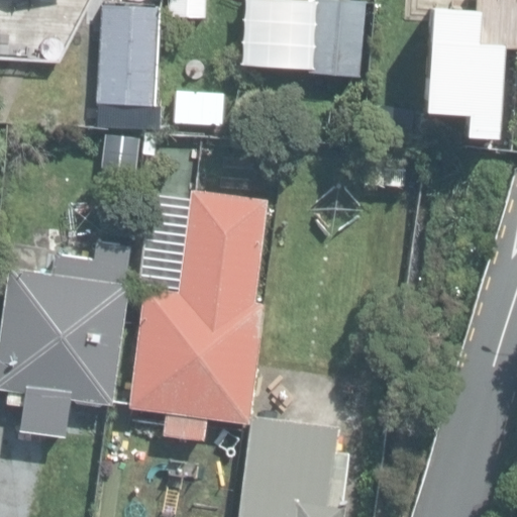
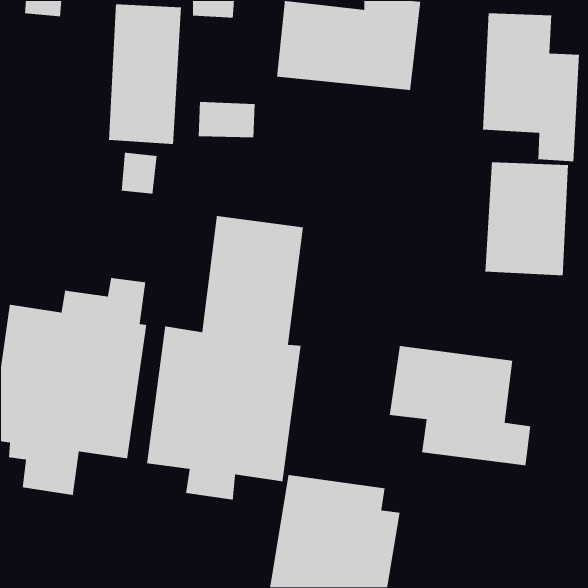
building: none -> [485,161,569,276]
building: none -> [389,345,531,466]

